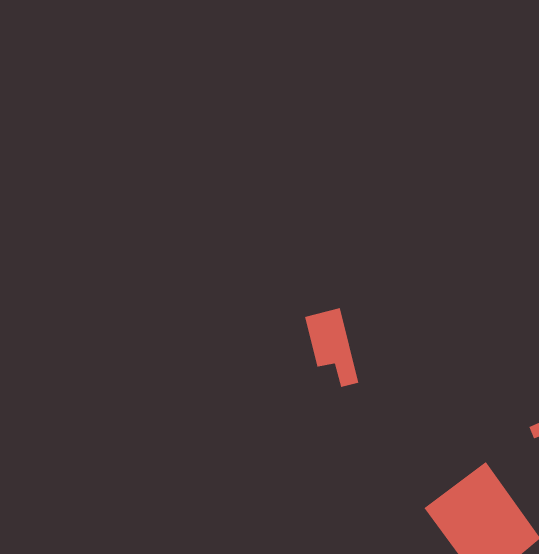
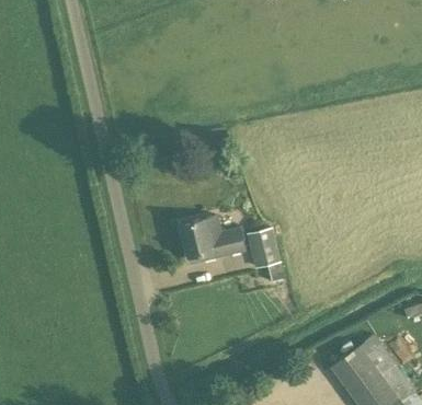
building: none -> [179,217,244,262]

